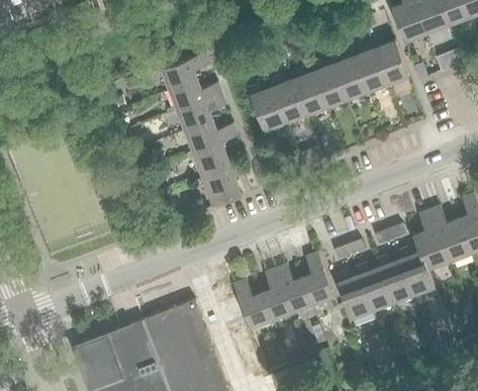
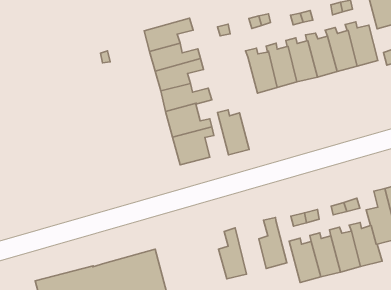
building: [248,84,285,131] -> [217,110,249,155]
building: [276,264,313,315] -> none
building: [234,280,273,330] -> none

